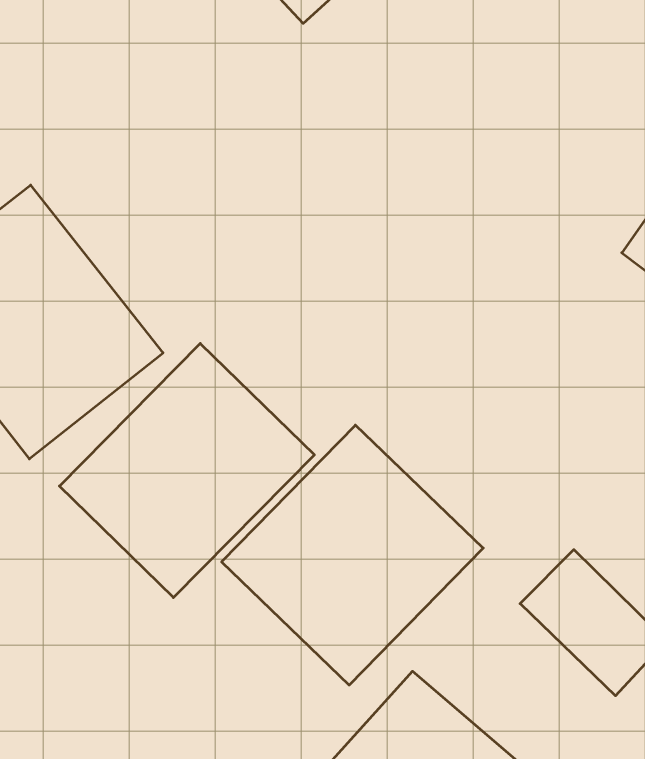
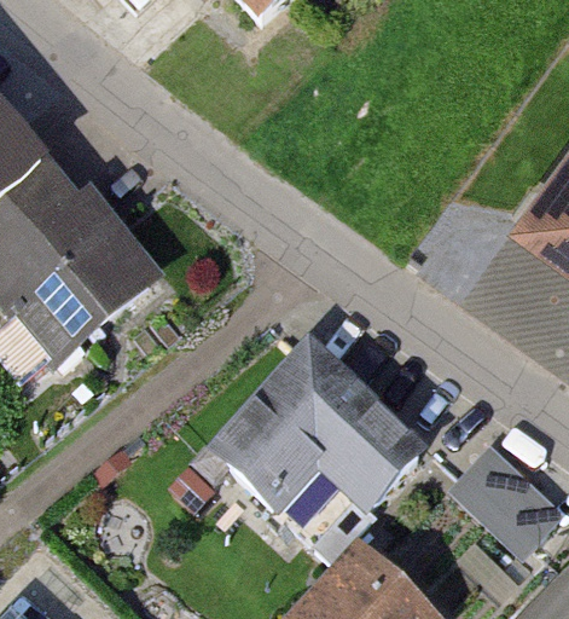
building: [59,343,314,598] -> none

